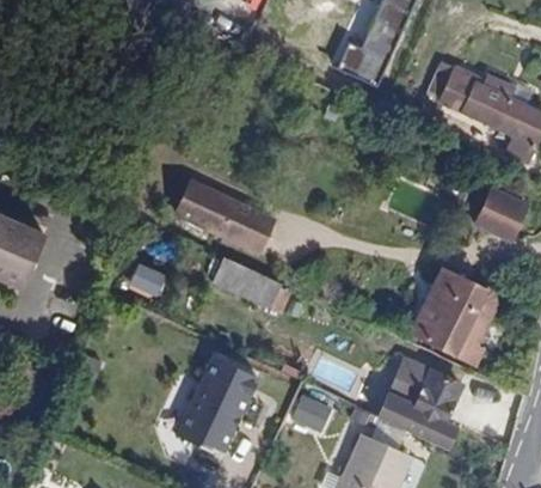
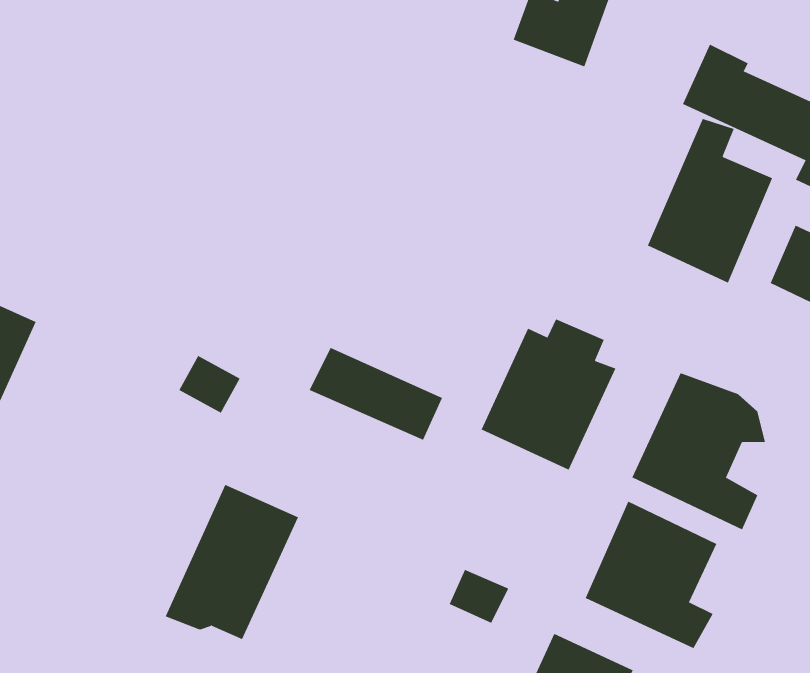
building: none -> [647,118,773,284]
building: [174,183,273,254] -> none
building: none -> [481,319,616,470]
building: [180,352,263,447] -> [165,484,299,640]

